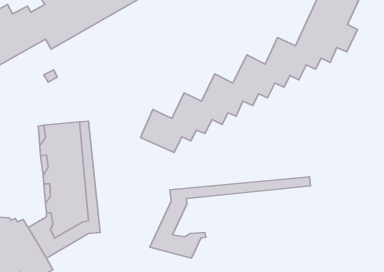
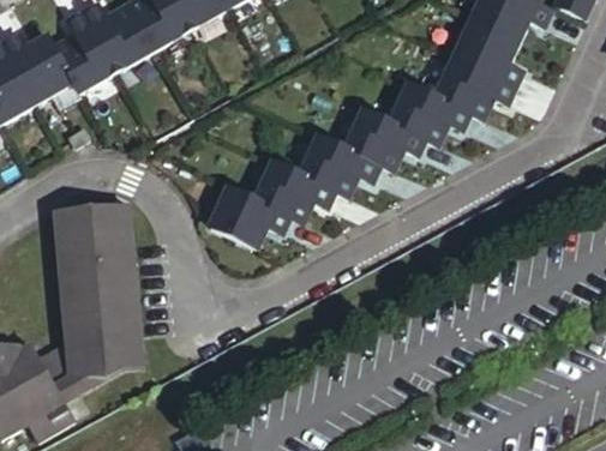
building: [150,177,311,258] -> none

